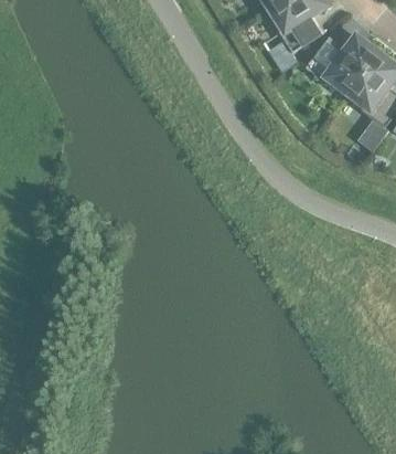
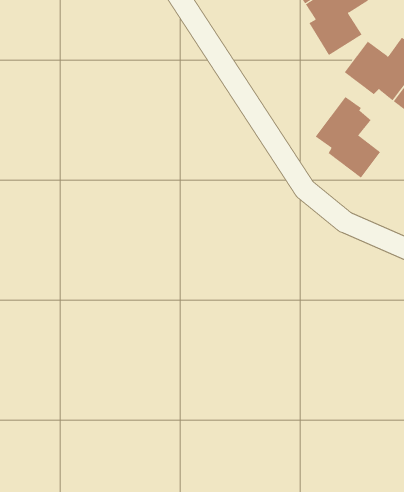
building: none -> [315,96,381,179]

